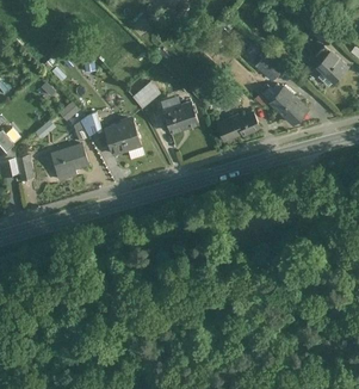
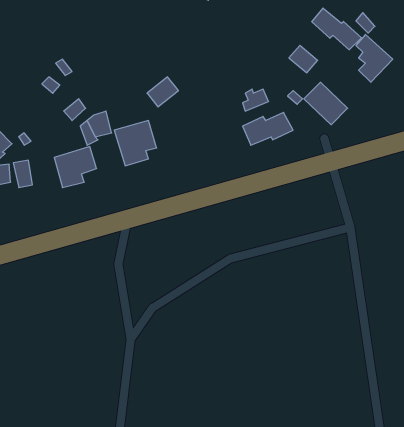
building: none -> [312,8,362,50]
building: [162,103,196,132] -> none

